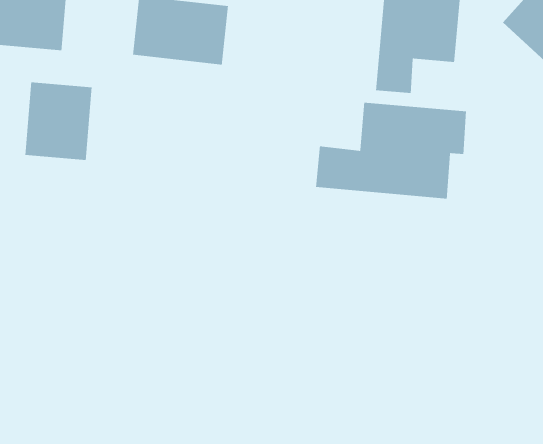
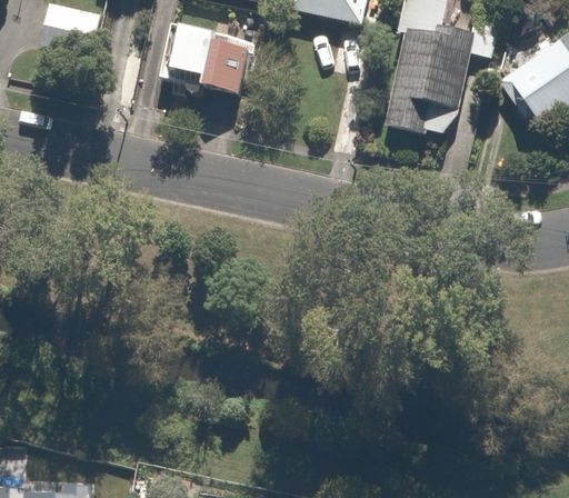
building: [25,81,92,161] -> none
building: [315,102,467,199] -> none

